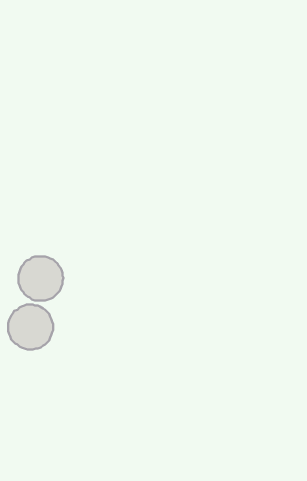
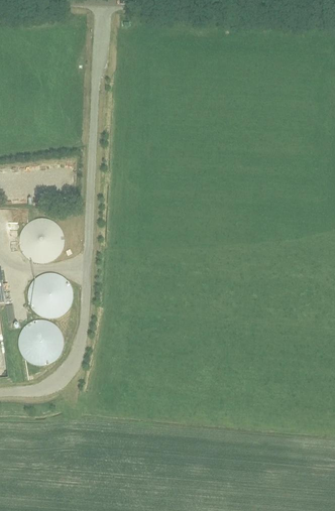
building: none -> [19,217,64,261]

